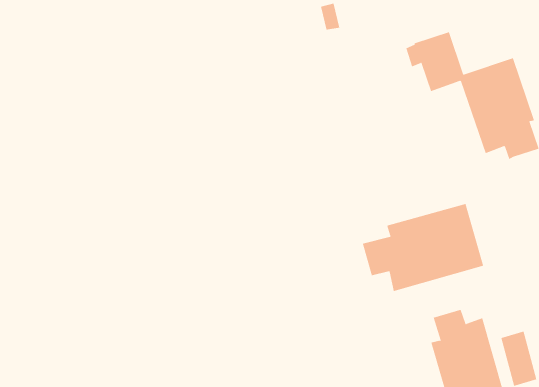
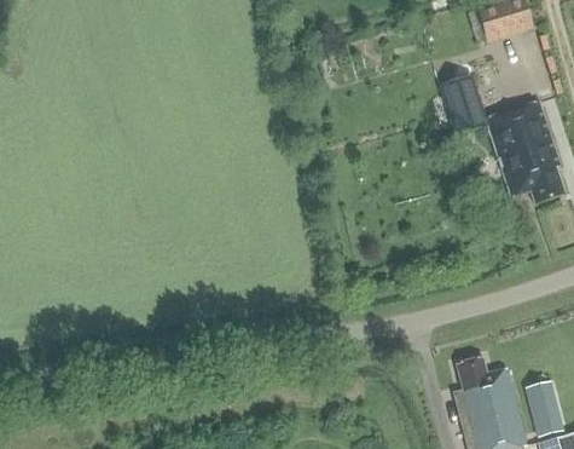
building: [362,203,484,292] -> none

